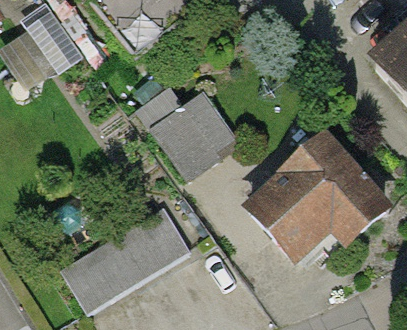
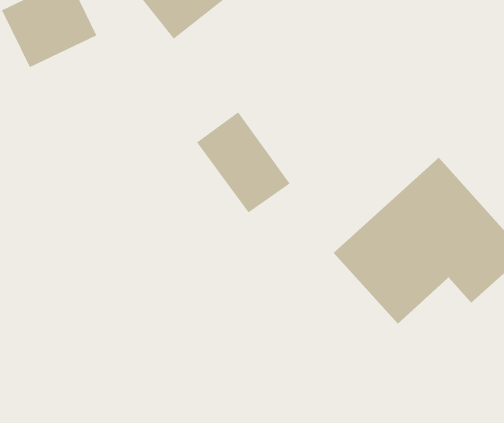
building: [61,204,191,312] -> none

